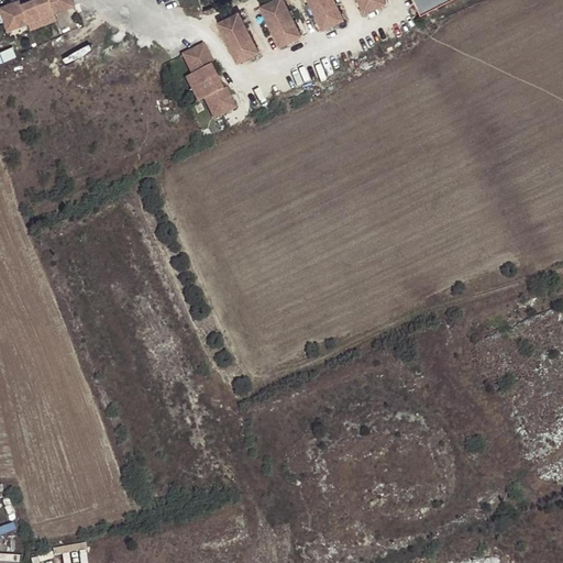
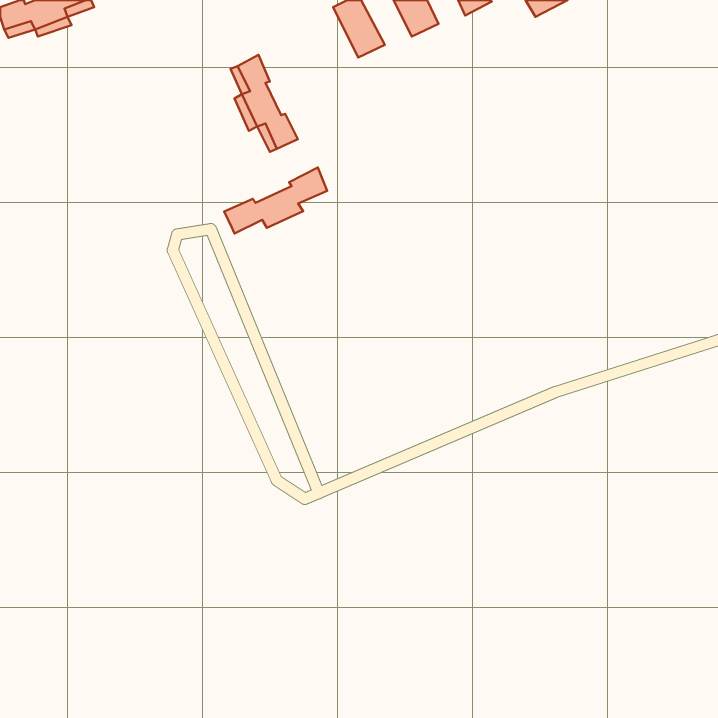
building: [218,12,258,63] -> none
building: none -> [224,168,327,233]

